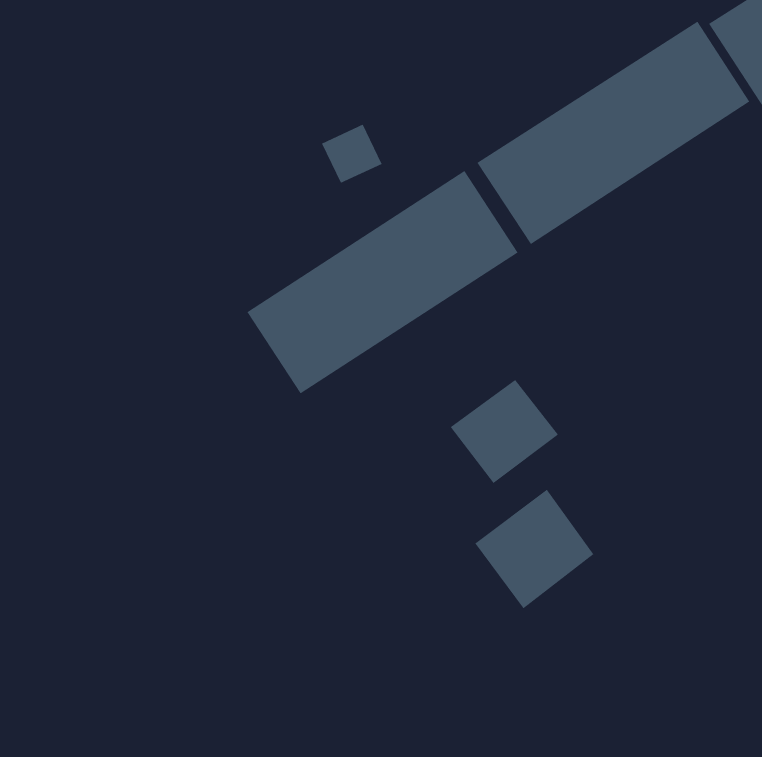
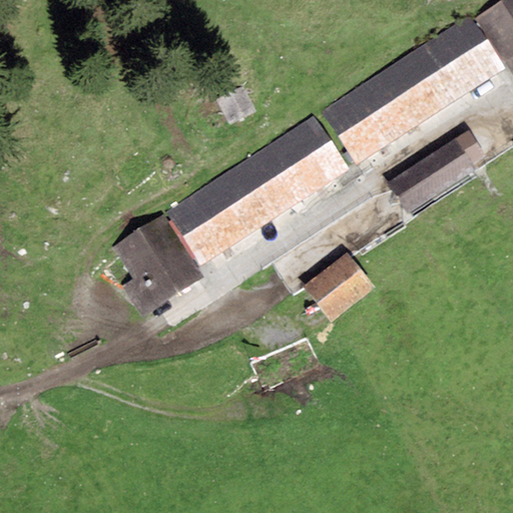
building: none -> [388,130,486,214]
building: none -> [113,213,205,317]
building: [475,489,594,609] -> none

